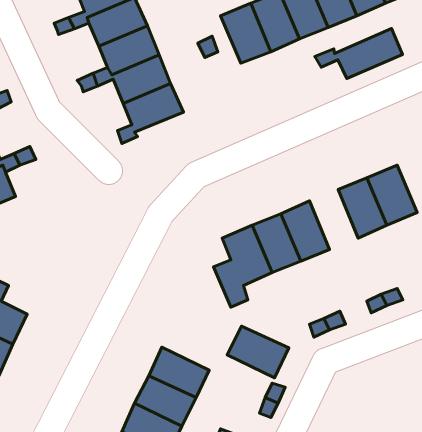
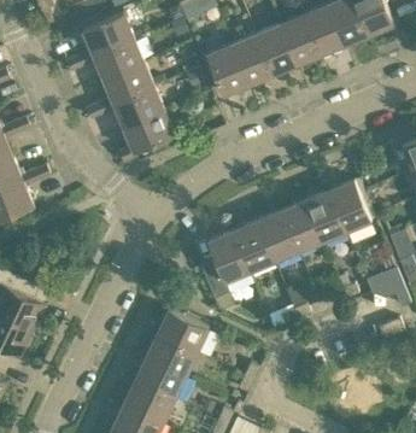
building: [315,28,402,79] -> none
building: none -> [280,201,321,252]
building: [227,326,289,378] -> [156,310,207,353]

